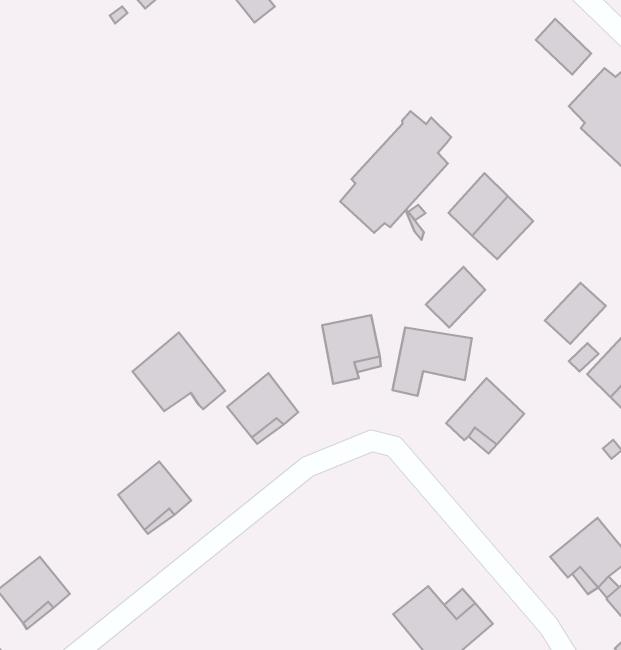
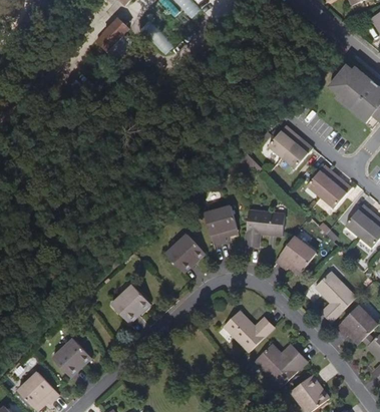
building: [536,19,591,74] -> none
building: [340,111,451,233] -> none
building: [426,267,485,328] -> [311,166,341,198]
building: [133,332,225,411] -> none
building: none -> [316,267,356,316]
building: none -> [226,308,276,348]

